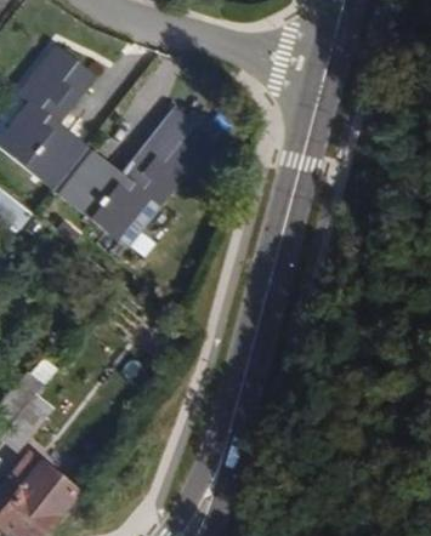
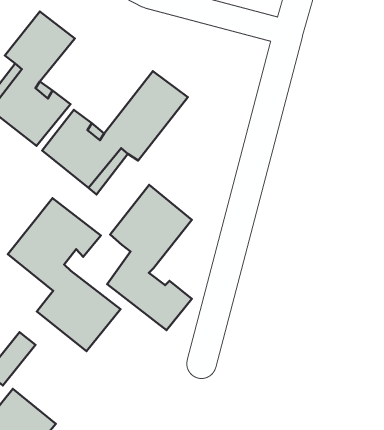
building: none -> [107,185,192,330]
building: none -> [8,198,121,351]

